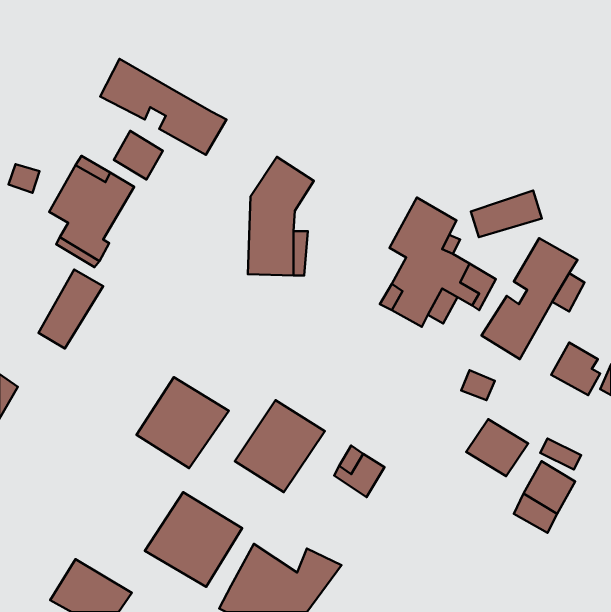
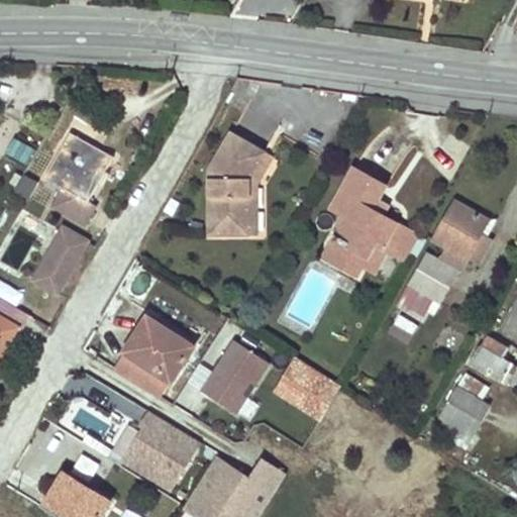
building: [100,59,227,155] -> none
building: [114,131,163,180] -> none
building: [471,190,542,237] -> none
building: [551,342,600,395] -> [469,334,510,379]
building: [466,419,528,476] -> none

